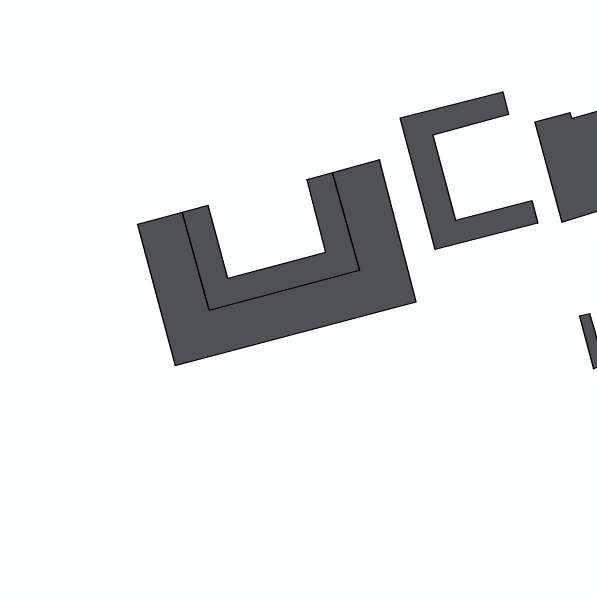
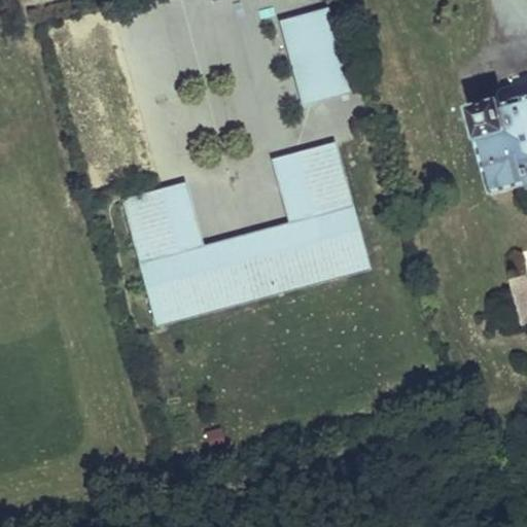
building: none -> [281,8,347,105]
building: [400,92,538,249] -> none

